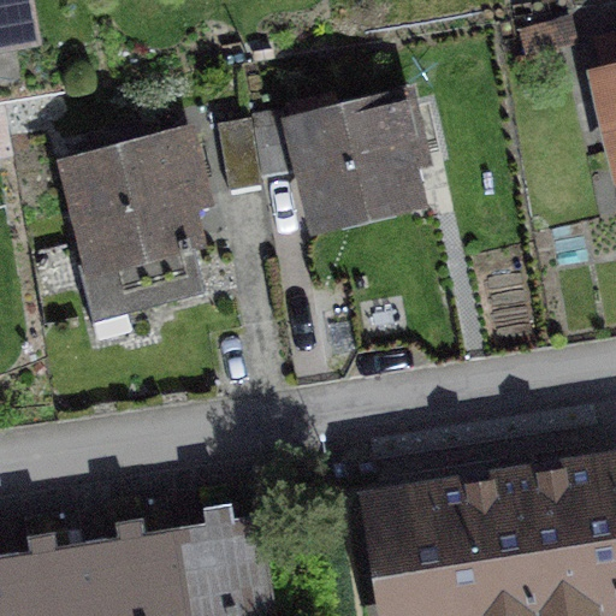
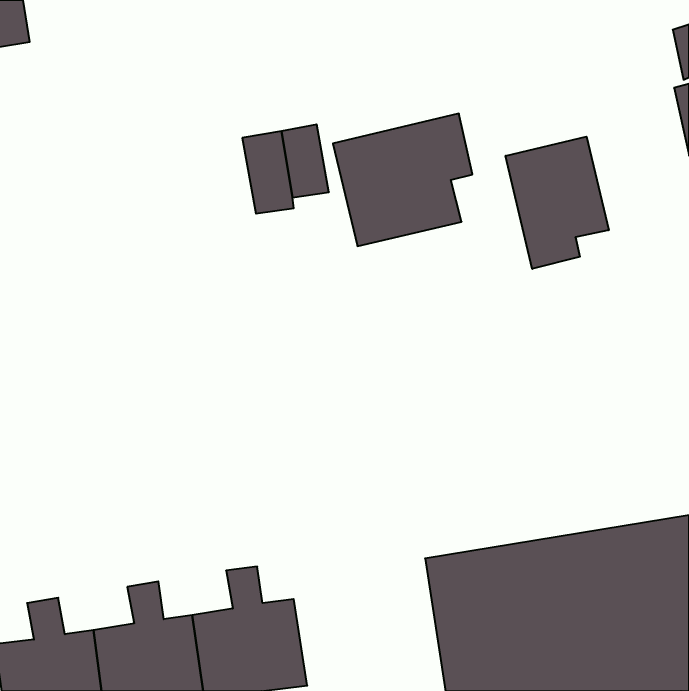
building: none -> [506,137,609,269]
building: [72,131,201,337] -> none

